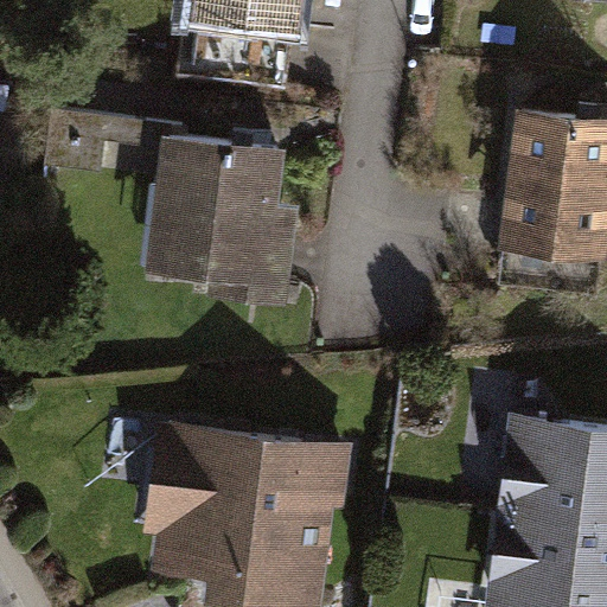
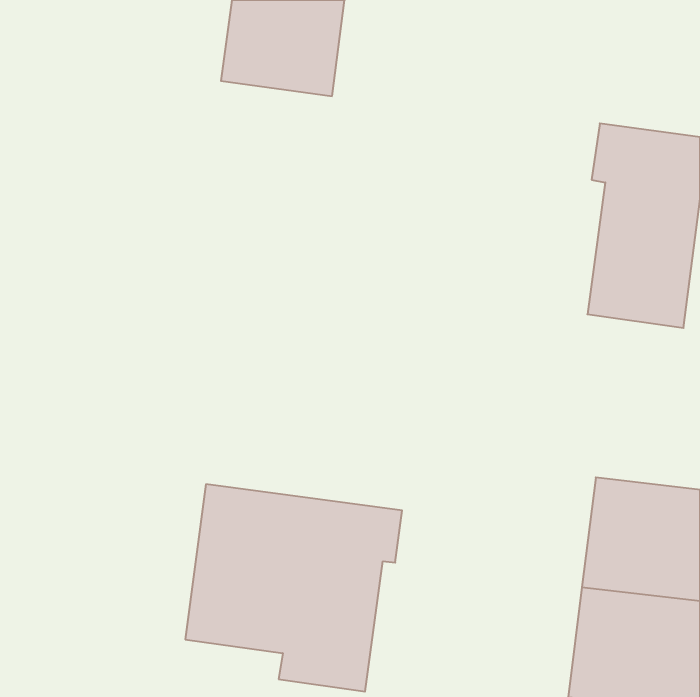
building: [46,108,294,298] -> none

